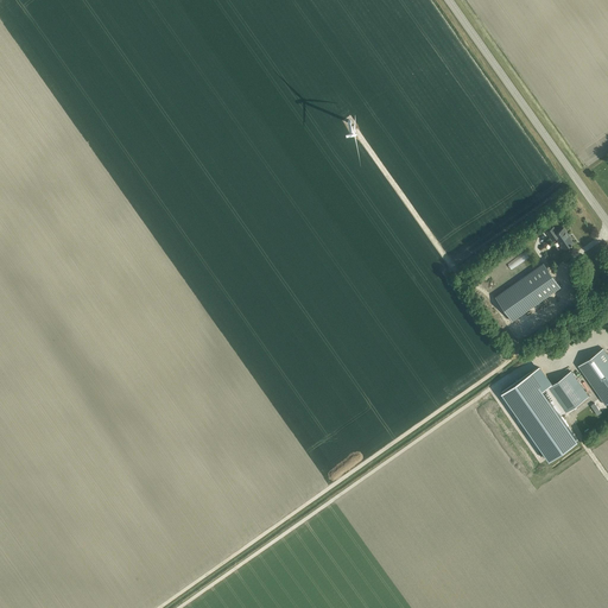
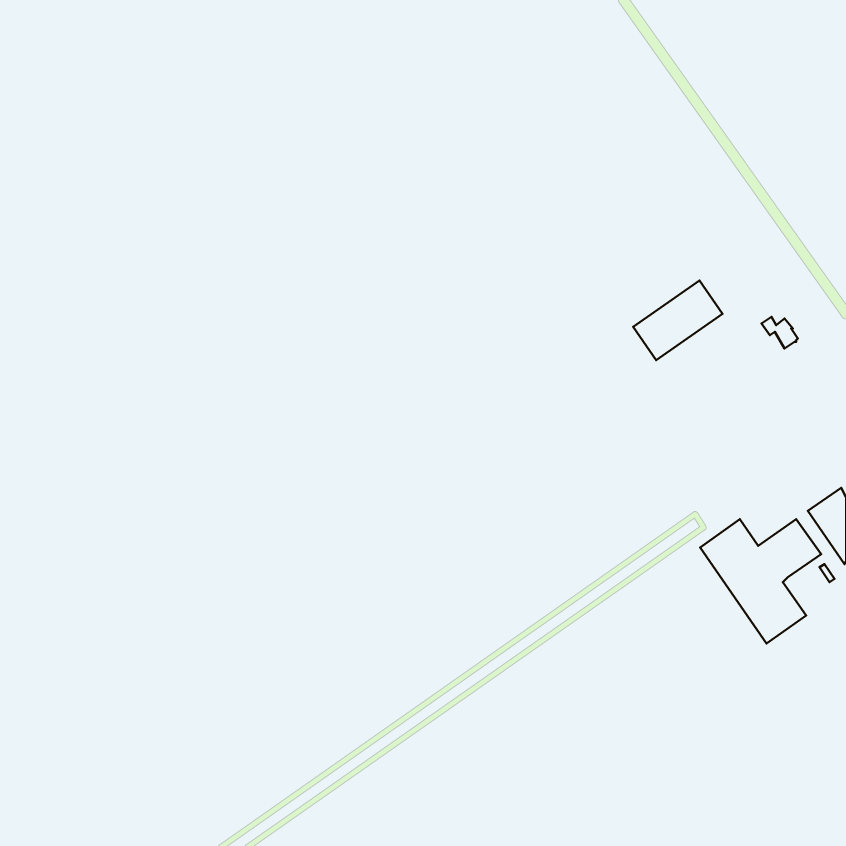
building: [494,265,558,322] -> [633,281,723,360]

